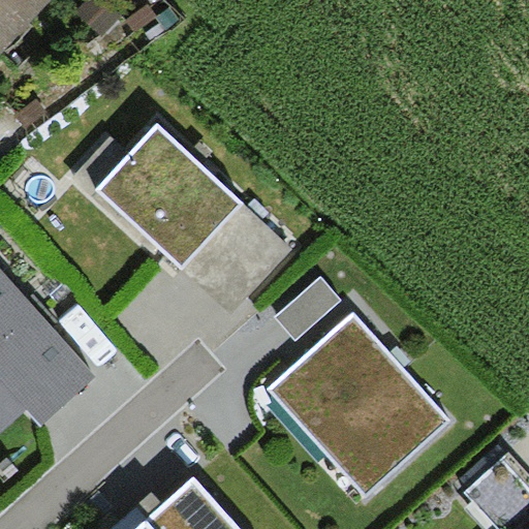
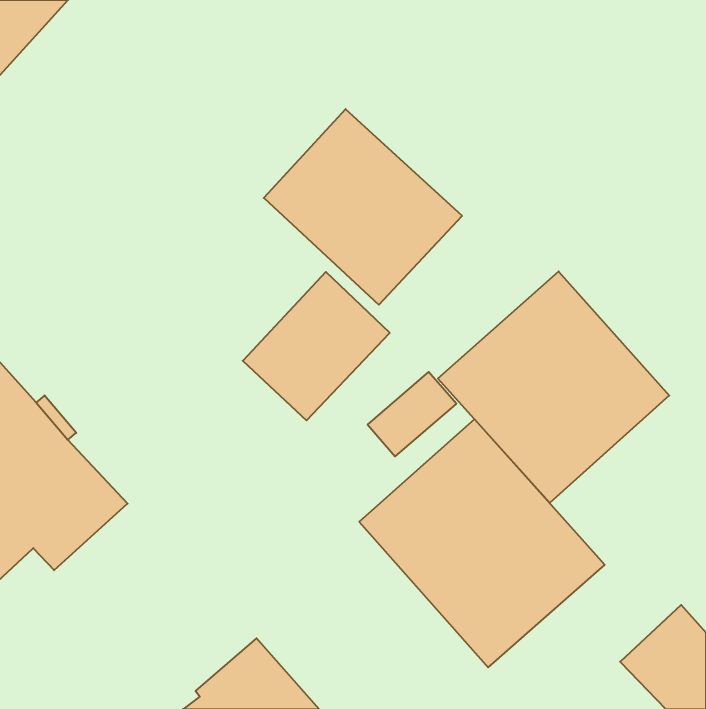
building: [95,123,243,269] -> [264,109,462,305]
building: none -> [438,271,669,503]

